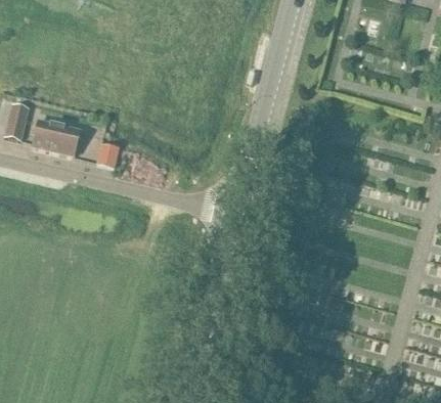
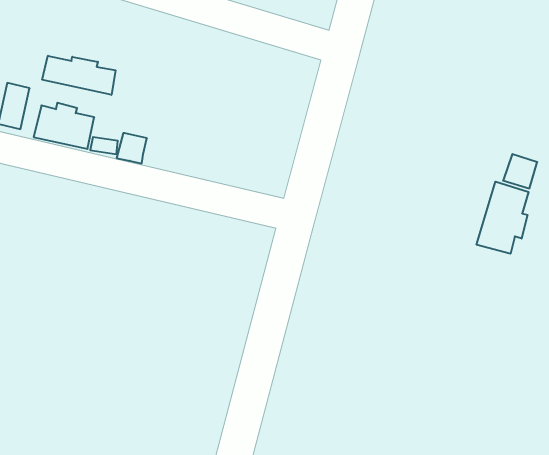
building: none -> [42,56,116,95]
building: none -> [477,182,529,254]

